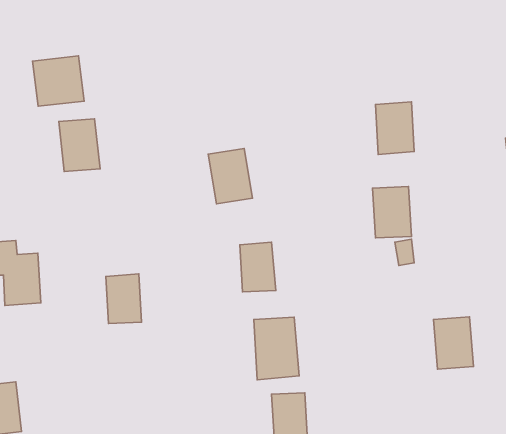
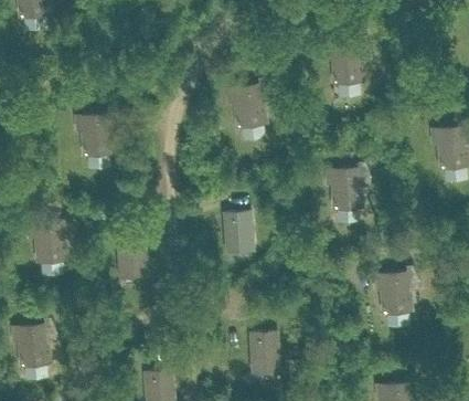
building: [33,56,84,106] -> none
building: [375,102,414,154] -> [332,43,363,85]
building: [208,148,253,204] -> [232,85,267,129]
building: [254,317,299,380] -> none

